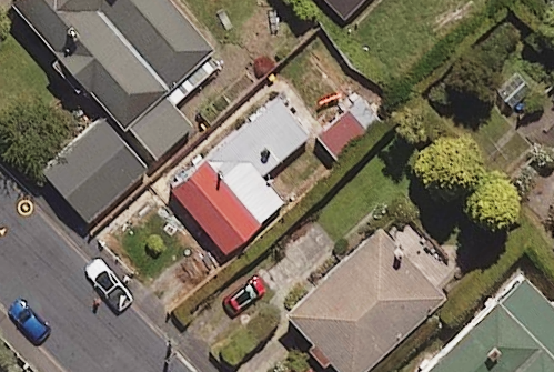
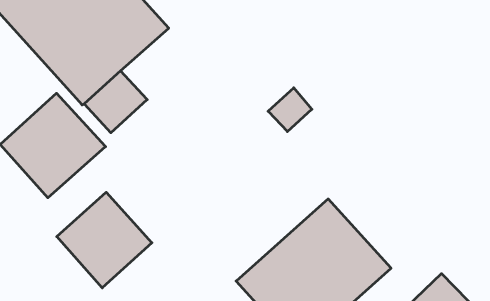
building: [171,93,310,251] -> none
building: none -> [57,192,152,288]

